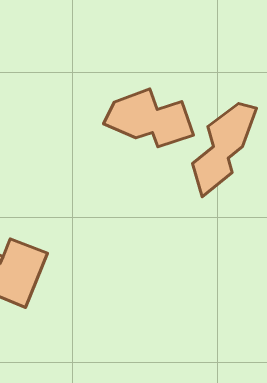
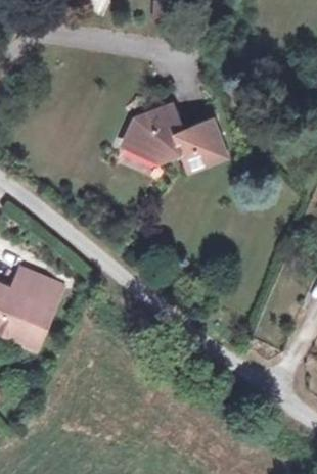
building: [193,103,257,197] -> none

